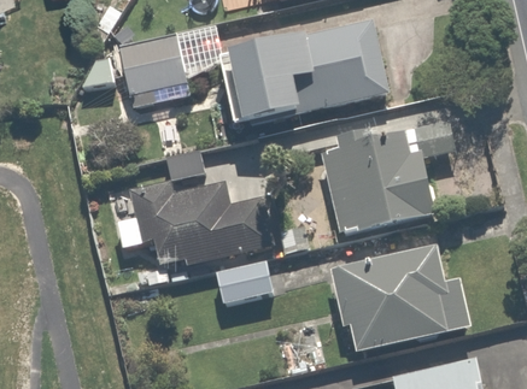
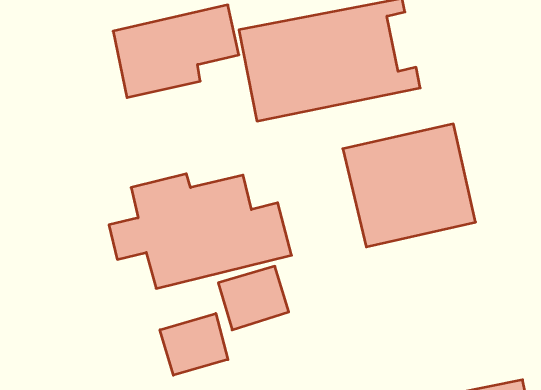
building: [327,243,474,355] -> none
building: none -> [160,313,228,375]

